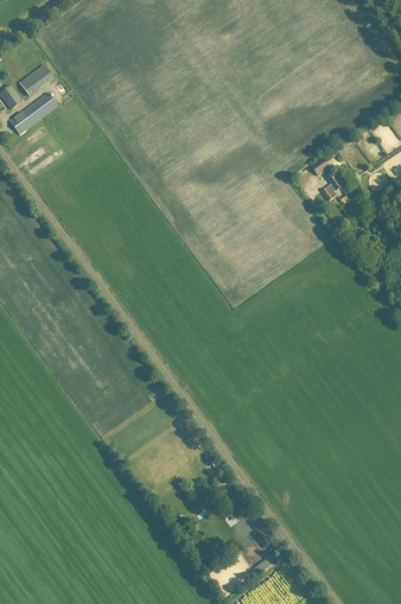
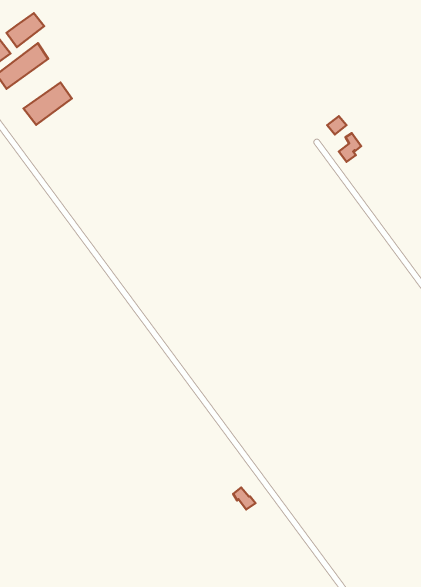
building: none -> [24,83,72,125]

